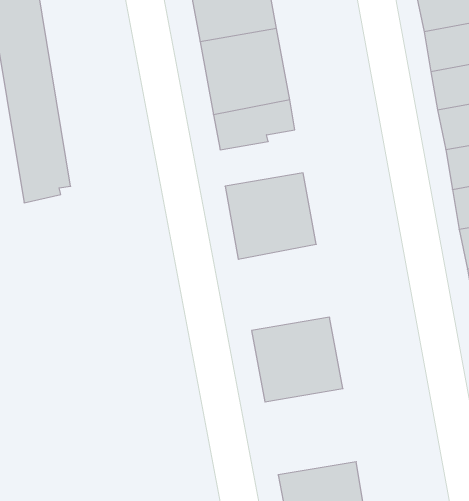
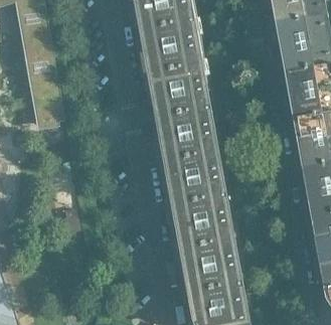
building: none -> [156,85,206,119]
building: none -> [167,154,222,206]
building: none -> [183,241,238,294]

